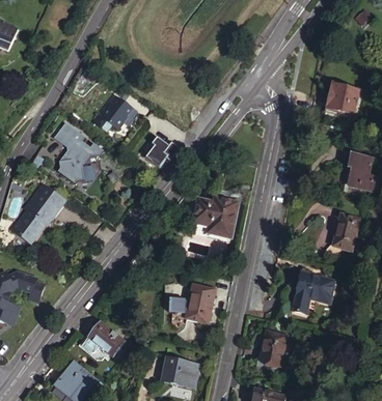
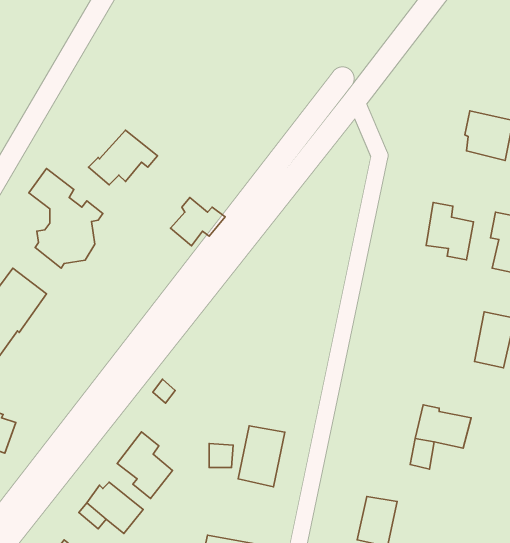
building: none -> [426,203,473,260]
building: [191,202,238,241] -> none
building: none -> [117,432,172,498]

